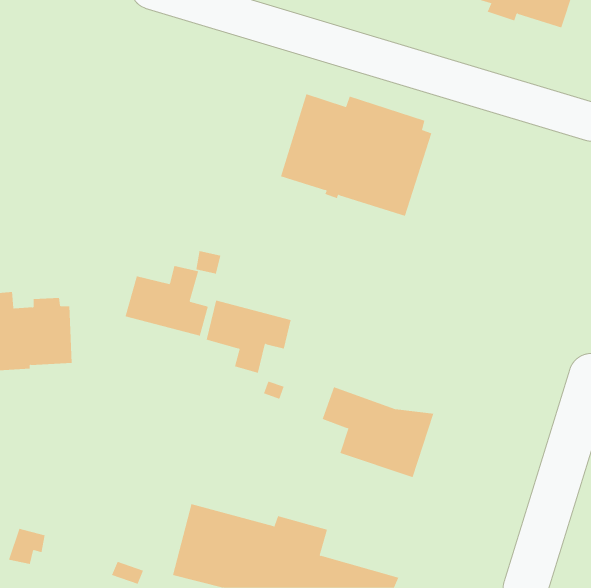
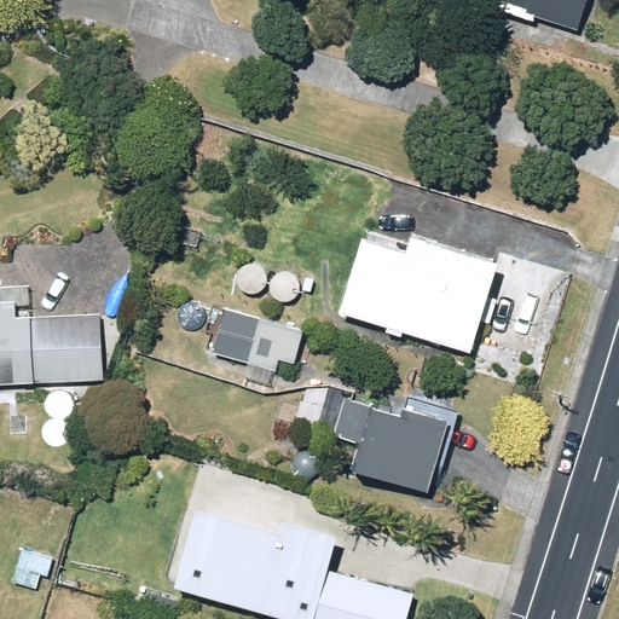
building: [280,93,432,216] -> [341,230,498,357]
building: [125,265,209,336] -> none

